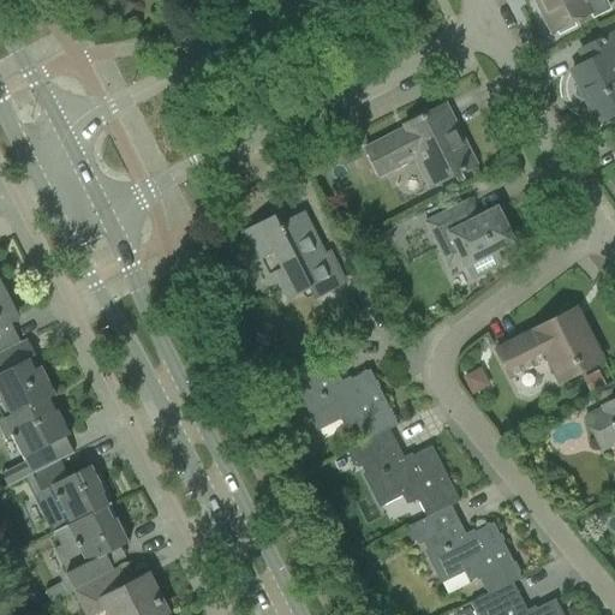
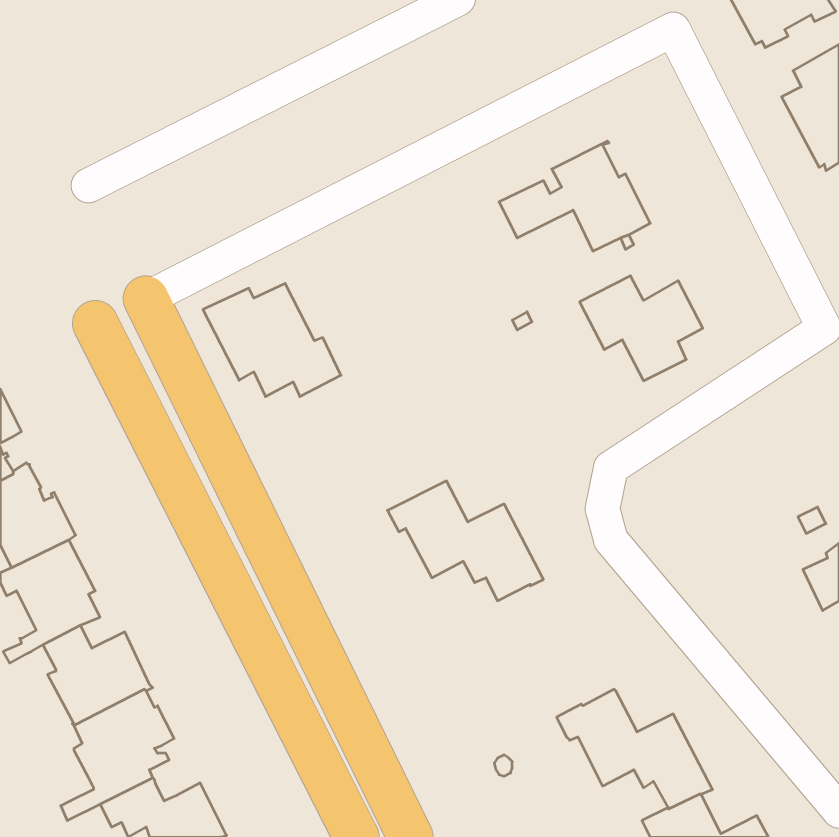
building: [241,214,342,297] -> [203,283,341,397]
building: [495,306,603,381] -> none
building: [345,428,459,517] -> none

